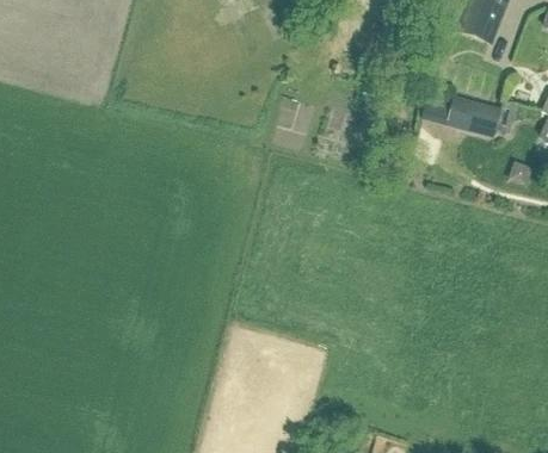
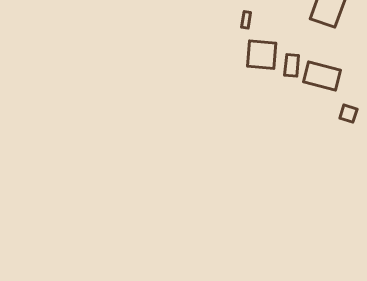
building: none -> [247,41,276,68]

